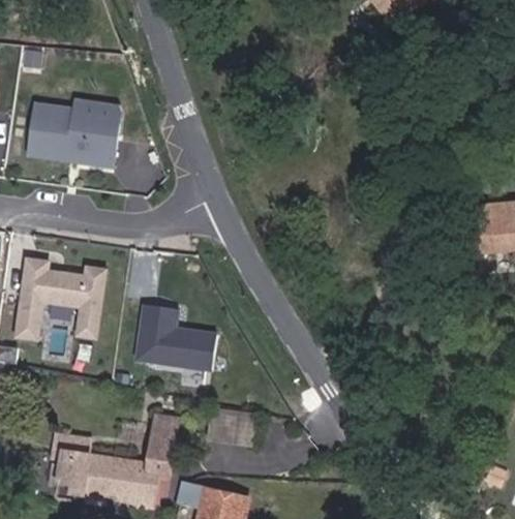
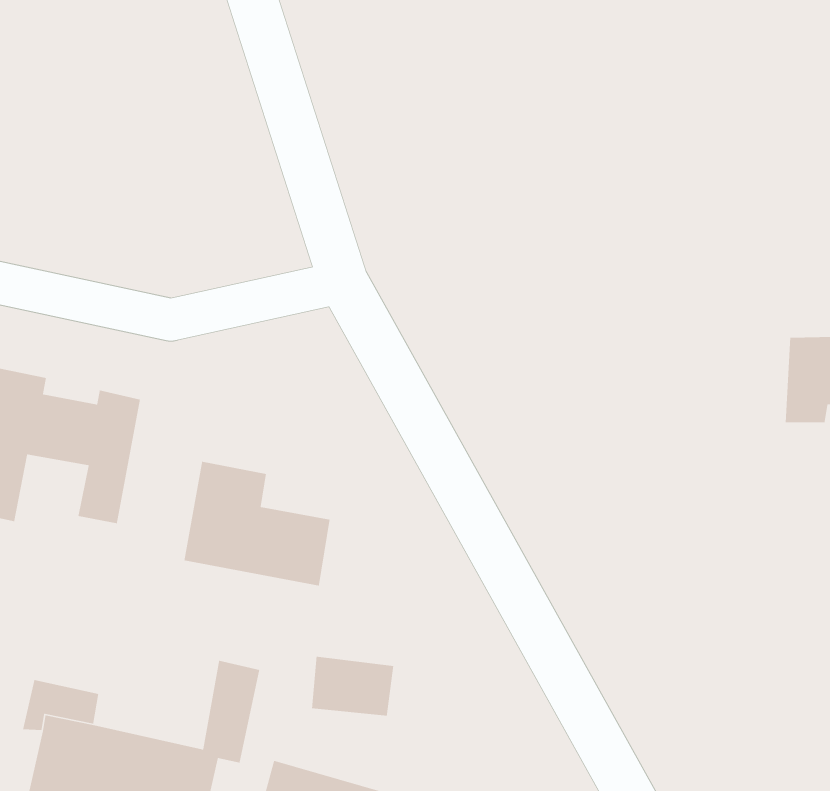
building: [26,99,120,169] -> none

